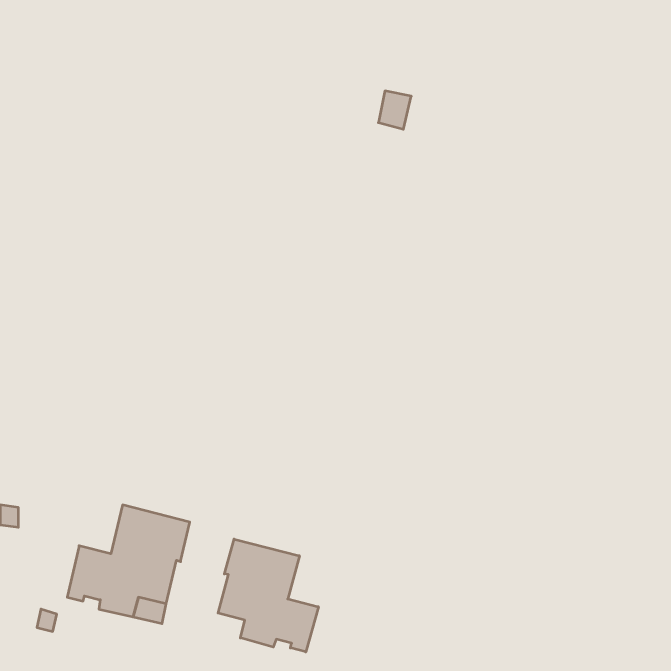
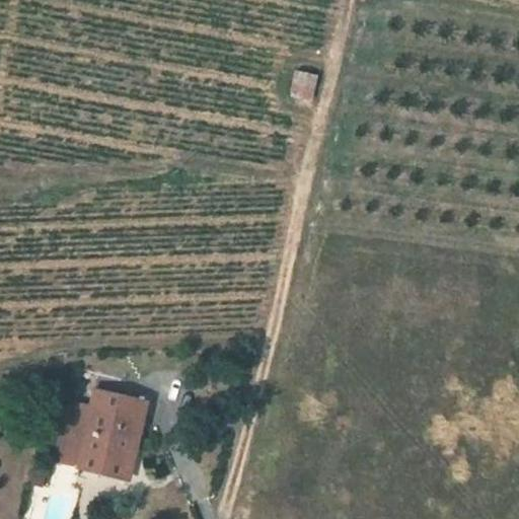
building: [218,539,318,652] -> none

